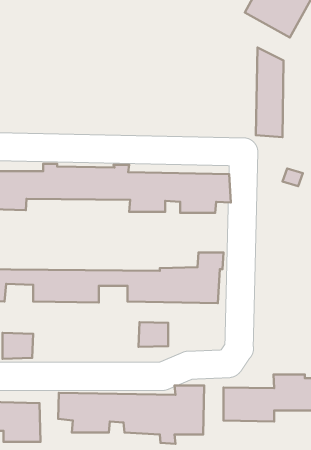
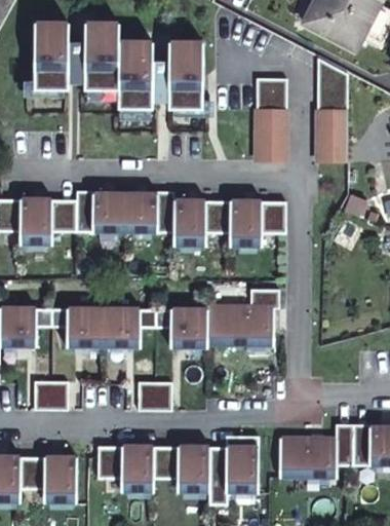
building: none -> [36,23,204,107]
building: none -> [257,78,285,159]
building: [139,322,168,347] -> [137,380,169,408]

